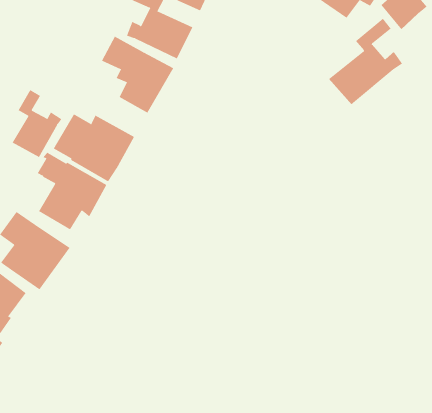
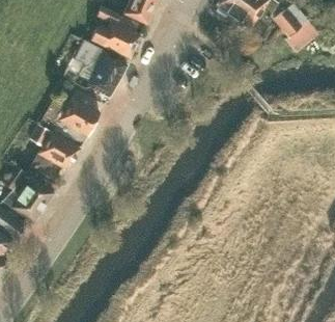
building: [328,18,403,105] -> none
building: [12,89,62,158] -> none

